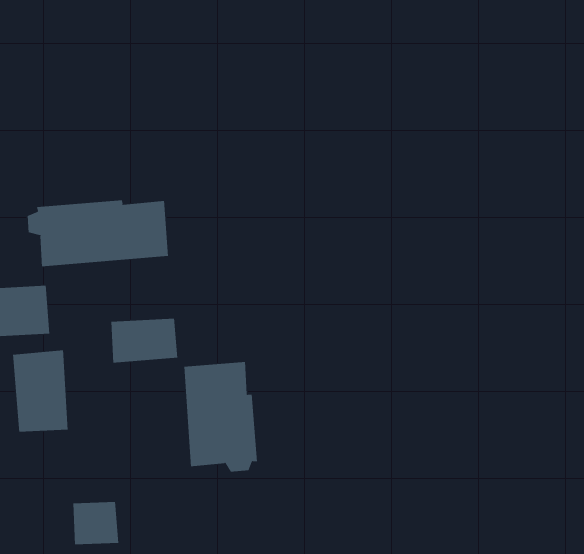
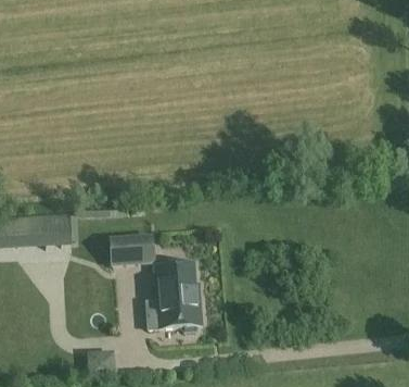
building: [27,200,169,267] -> none
building: [13,349,68,433] -> none

